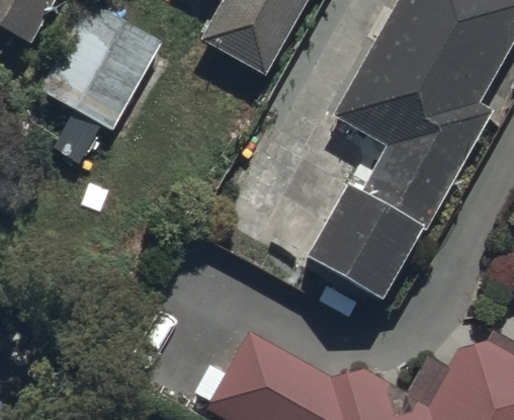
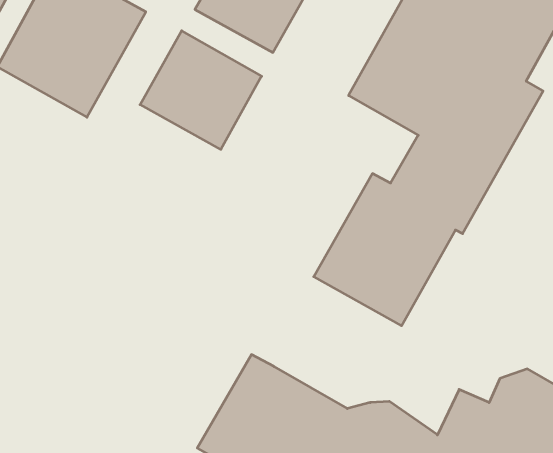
building: none -> [140,31,262,149]

